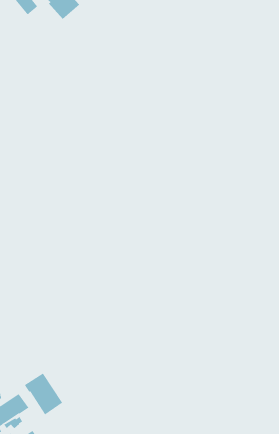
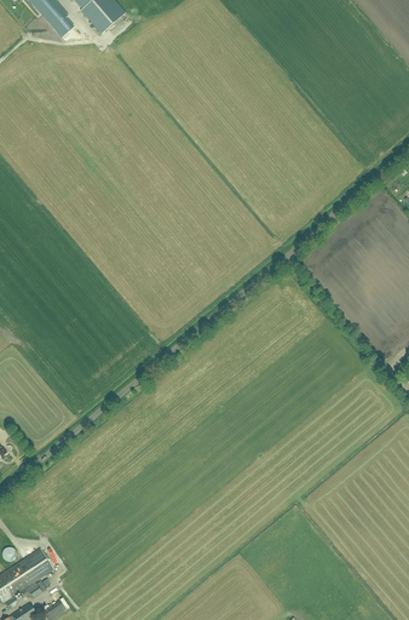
building: [24,372,63,415] -> none

